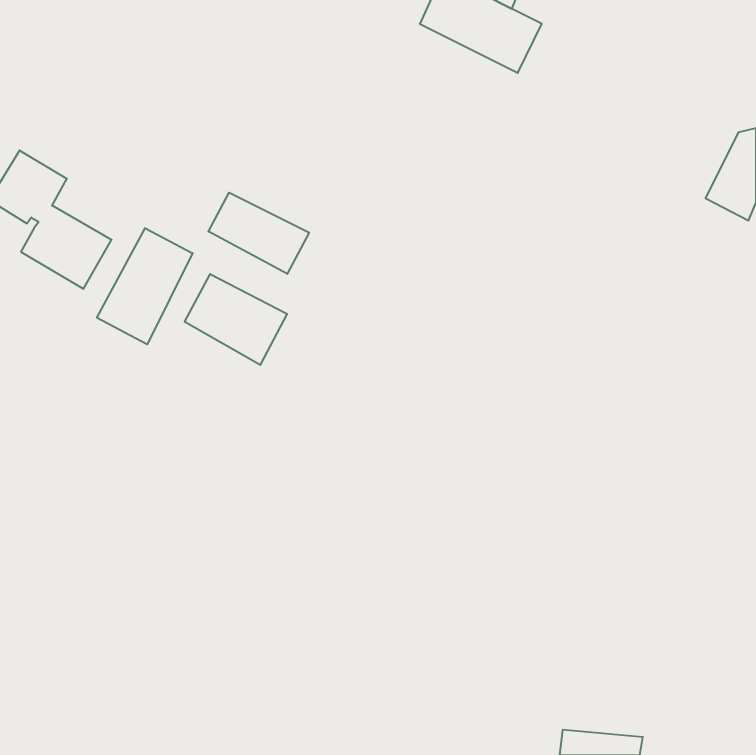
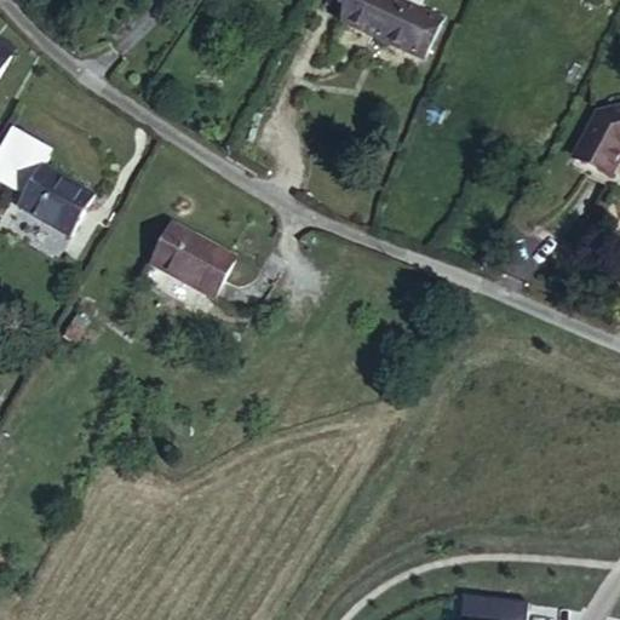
building: [208,193,309,274] -> none
building: [97,228,193,344] -> none

